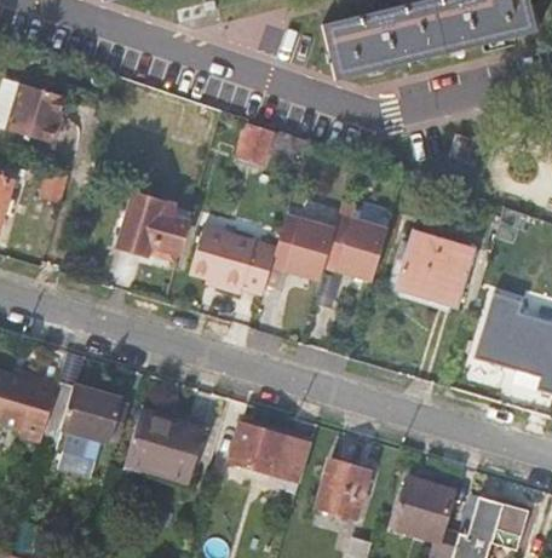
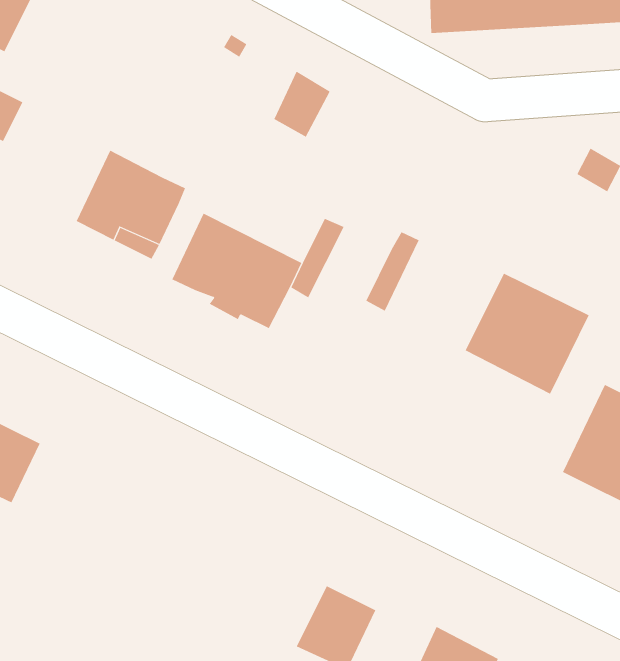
building: [284,218,334,280] -> none
building: [338,218,387,280] -> none
building: [125,410,205,482] -> none
building: [229,424,311,482] -> none

